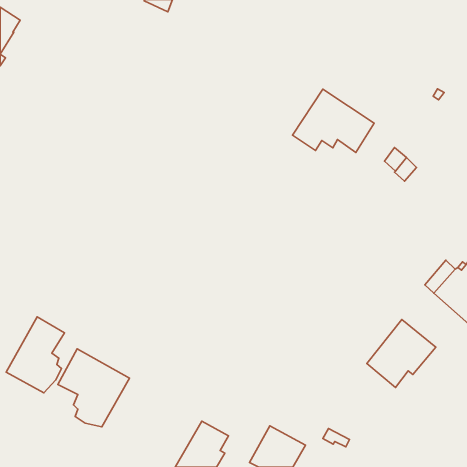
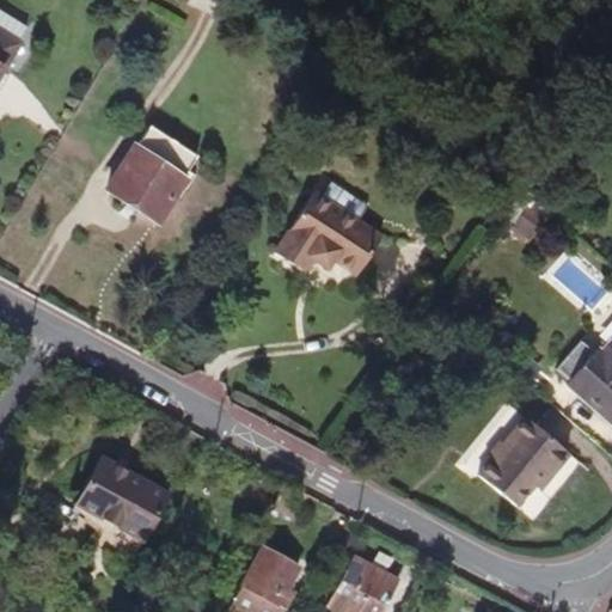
building: [292,89,374,152] -> [276,192,382,275]
building: none -> [109,124,200,221]
building: [6,317,64,393] -> none

